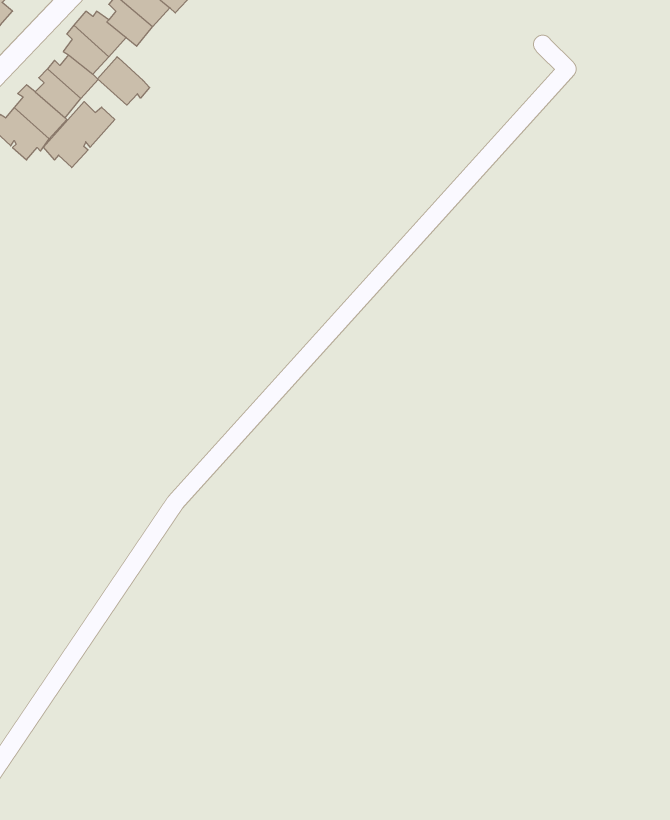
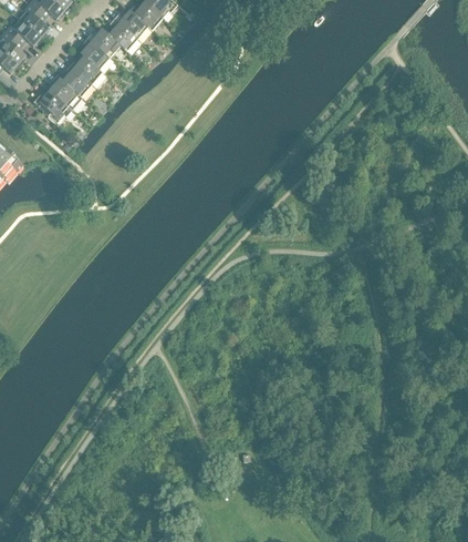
building: [98,57,150,105] -> none
building: [43,102,115,168] -> none

